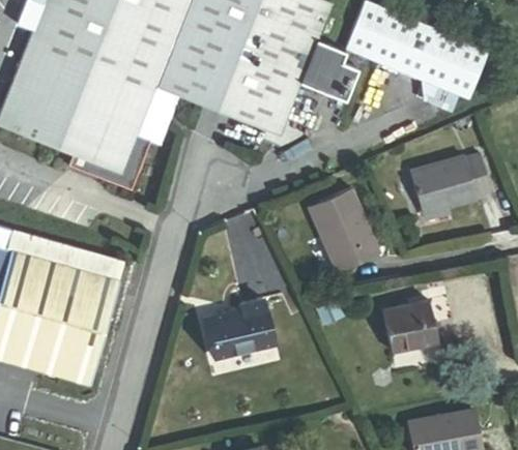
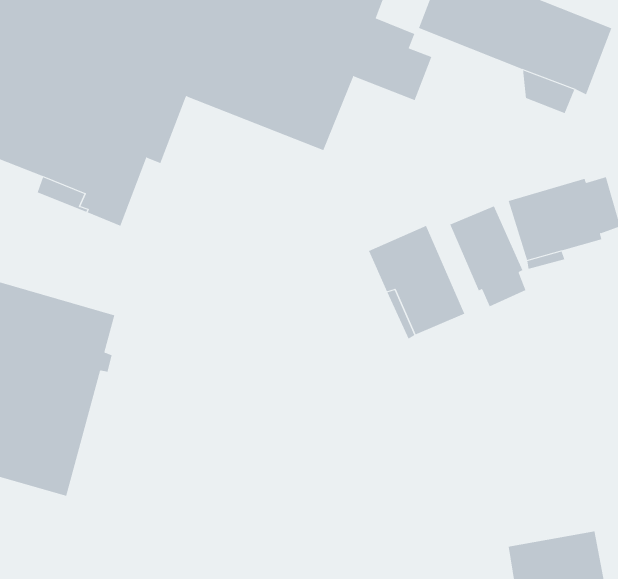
building: none -> [449,205,526,307]
building: [207,301,274,359] -> none
building: [382,301,438,352] -> none

